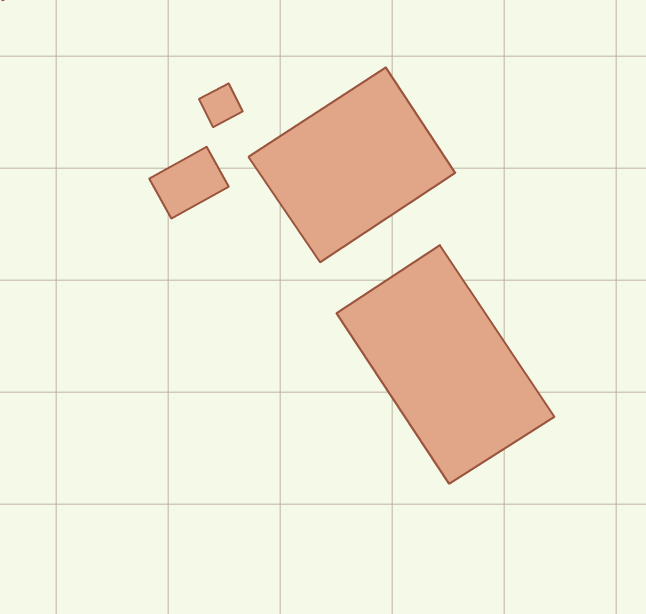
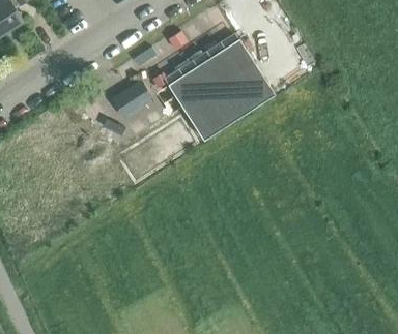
building: [337,245,554,484] -> none

